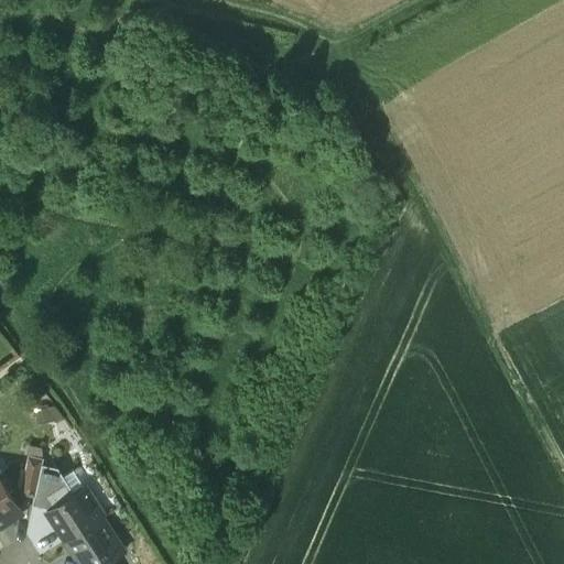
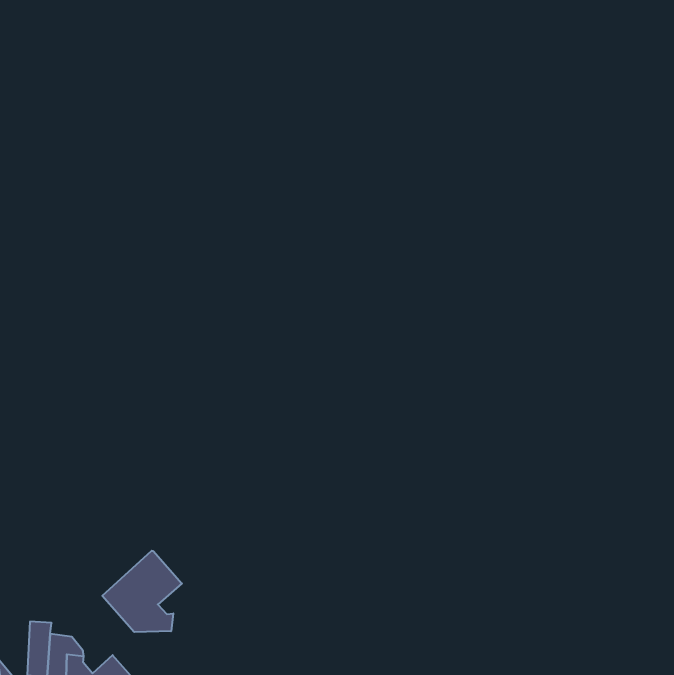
building: none -> [102,551,182,632]

